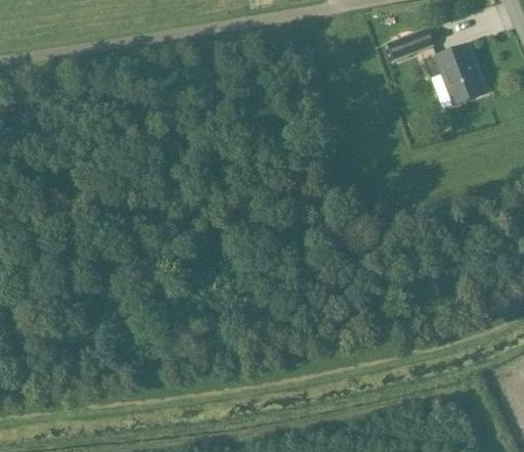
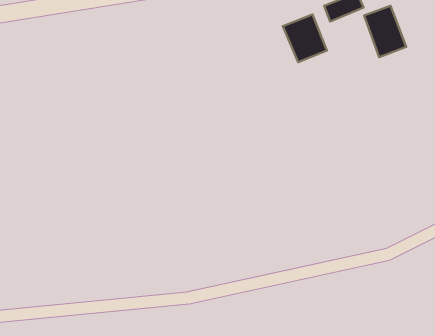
building: none -> [283,14,327,62]

